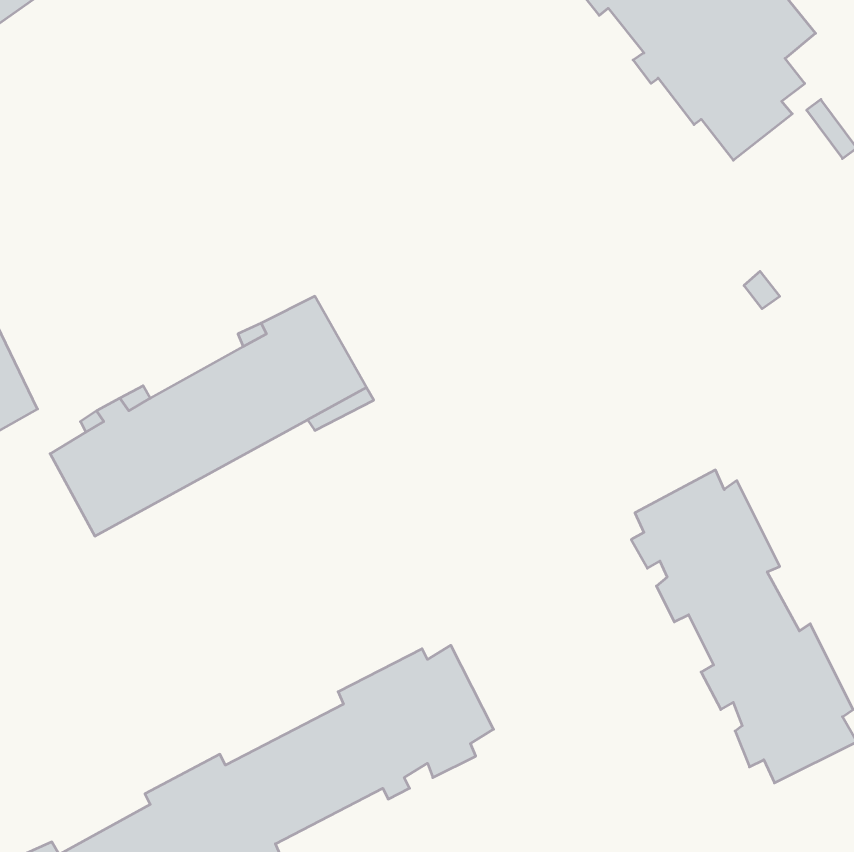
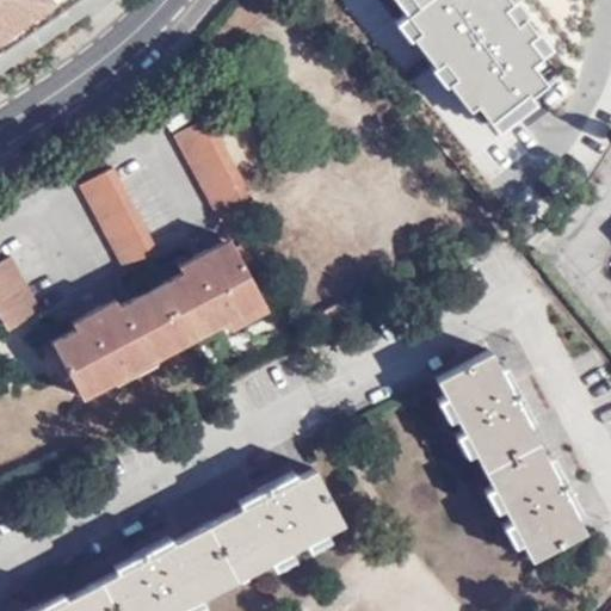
building: none -> [175,117,251,216]
building: none -> [81,166,158,266]

